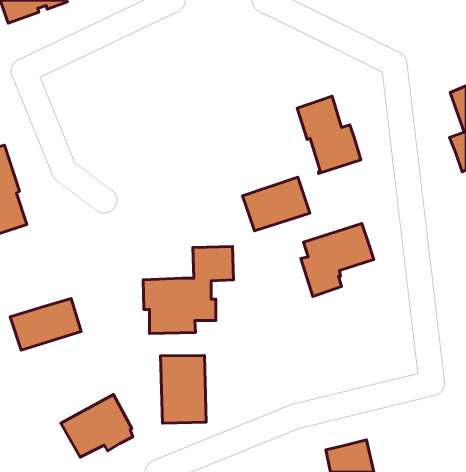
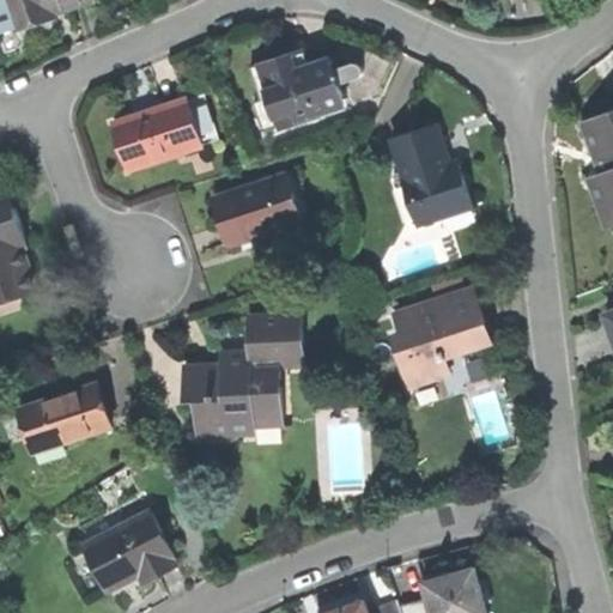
building: none -> [254,36,394,128]
building: none -> [110,96,217,171]
building: [242,177,310,231] -> [211,175,298,244]
building: [161,356,206,423] -> none

